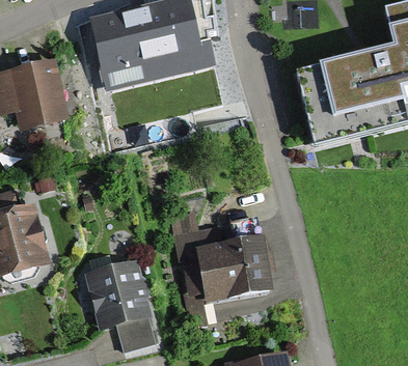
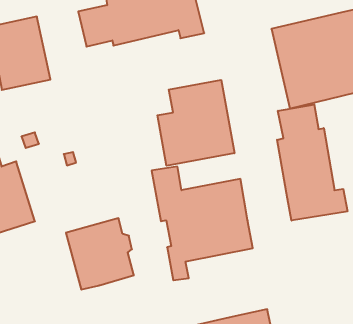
building: none -> [157,80,234,166]
building: none -> [277,104,347,221]
building: [117,315,159,347] -> none

